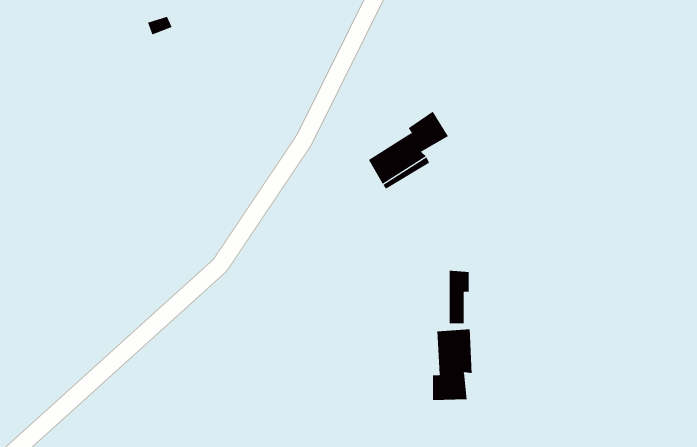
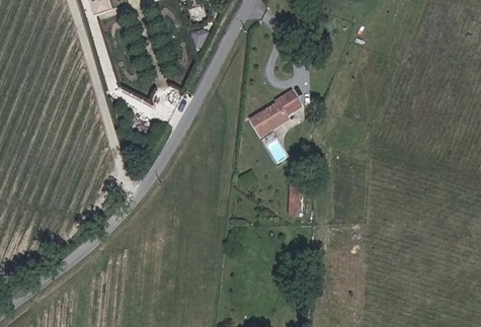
building: [433,328,472,401] -> none

